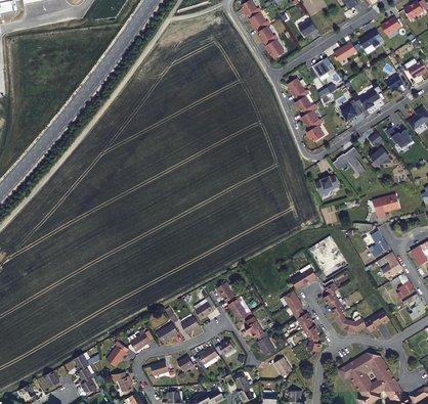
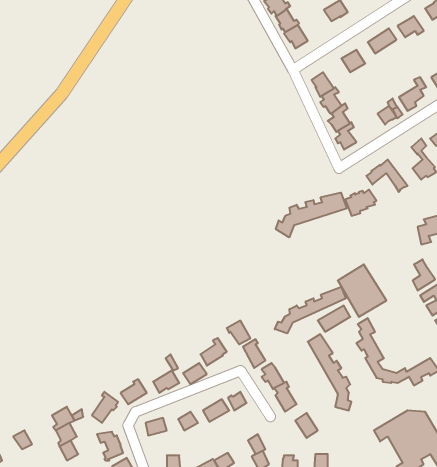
building: none -> [276,193,347,237]
building: none -> [275,287,346,333]

